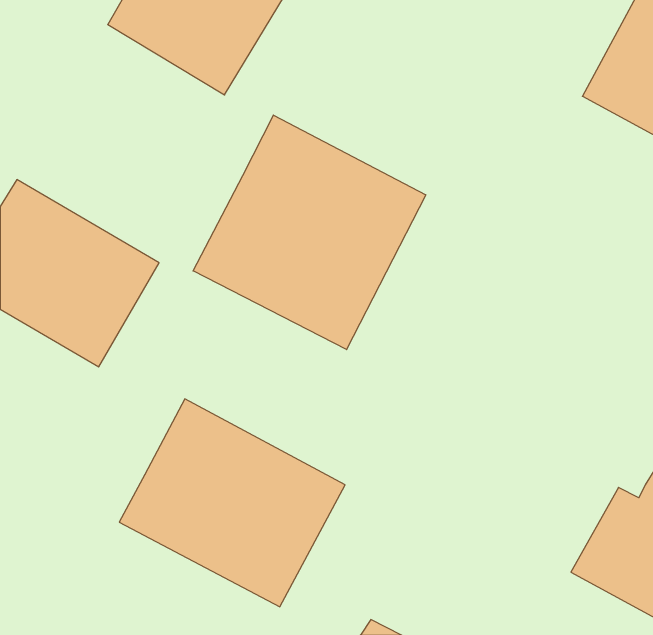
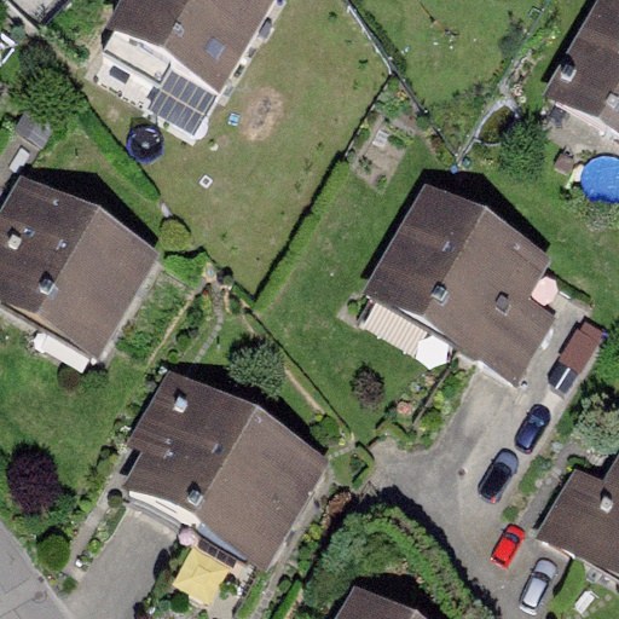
building: [193,115,426,350] -> none
building: none -> [371,190,562,375]

